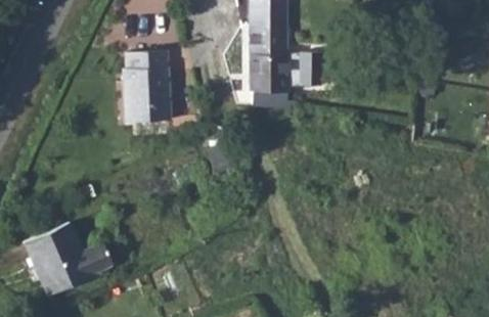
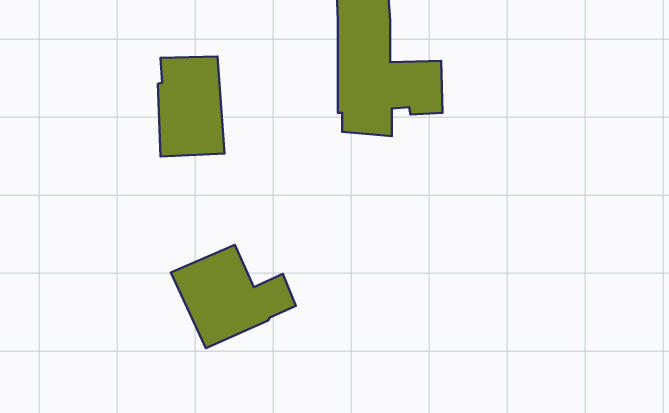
building: [23,221,110,293] -> [171,245,296,348]

